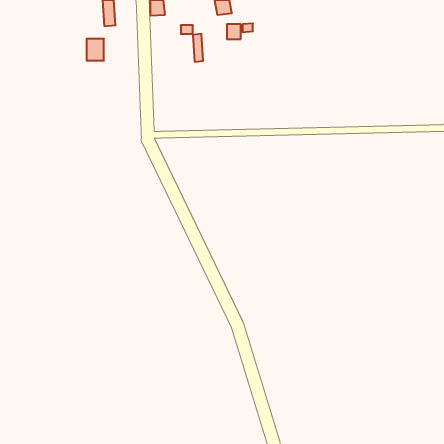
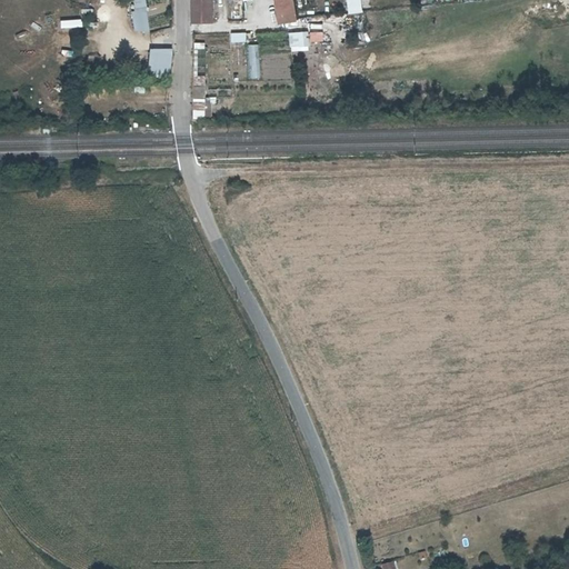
building: [87,39,104,61] -> [149,49,171,77]

